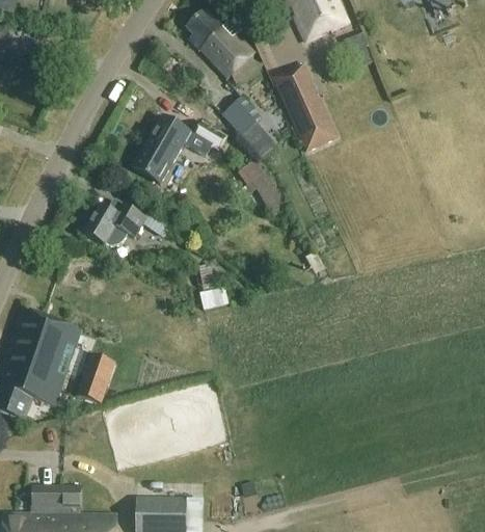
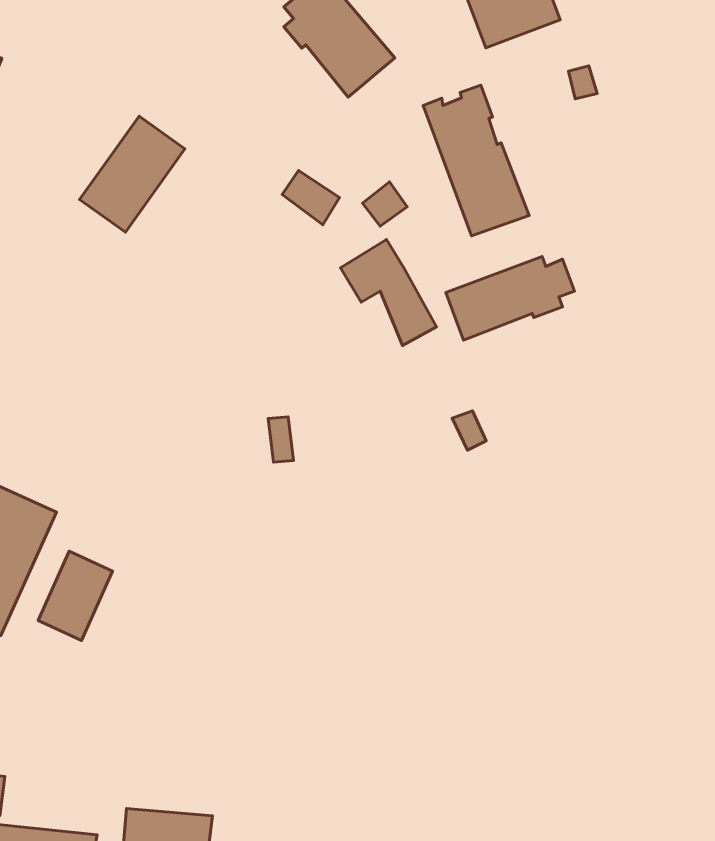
building: [223,97,262,136] -> none
building: [132,116,190,184] -> [80,116,185,232]
building: none -> [446,257,574,340]
building: [84,201,146,246] -> none

